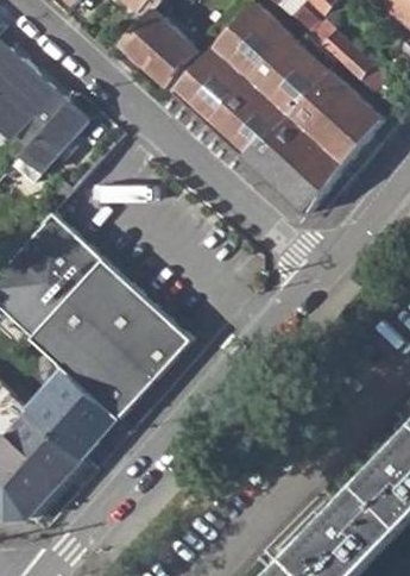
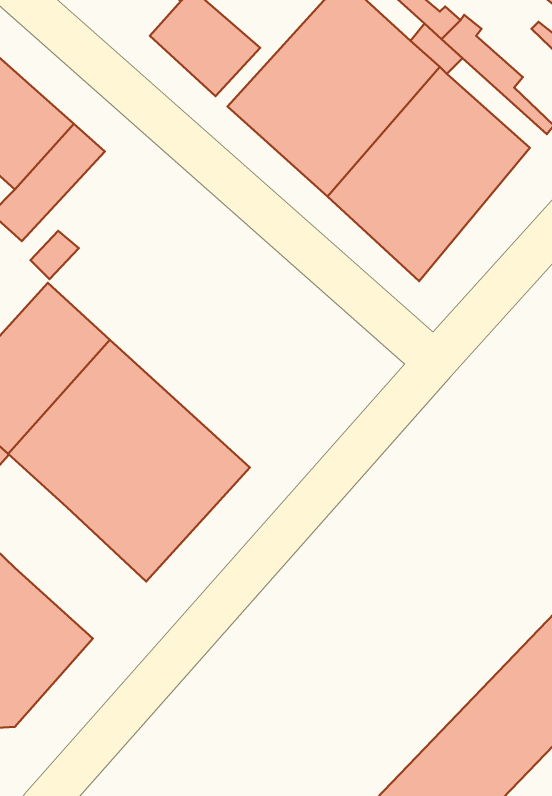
building: [27,367,118,457] -> none

